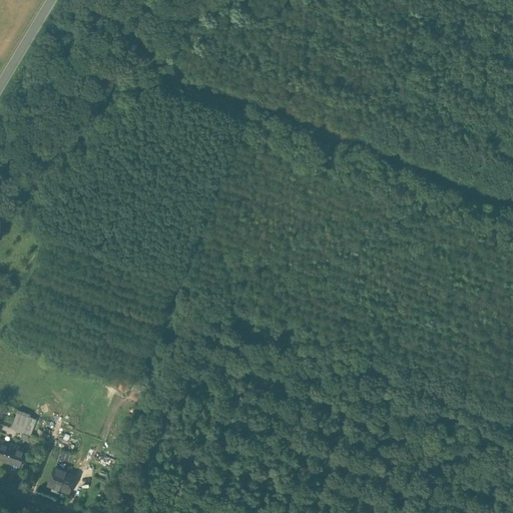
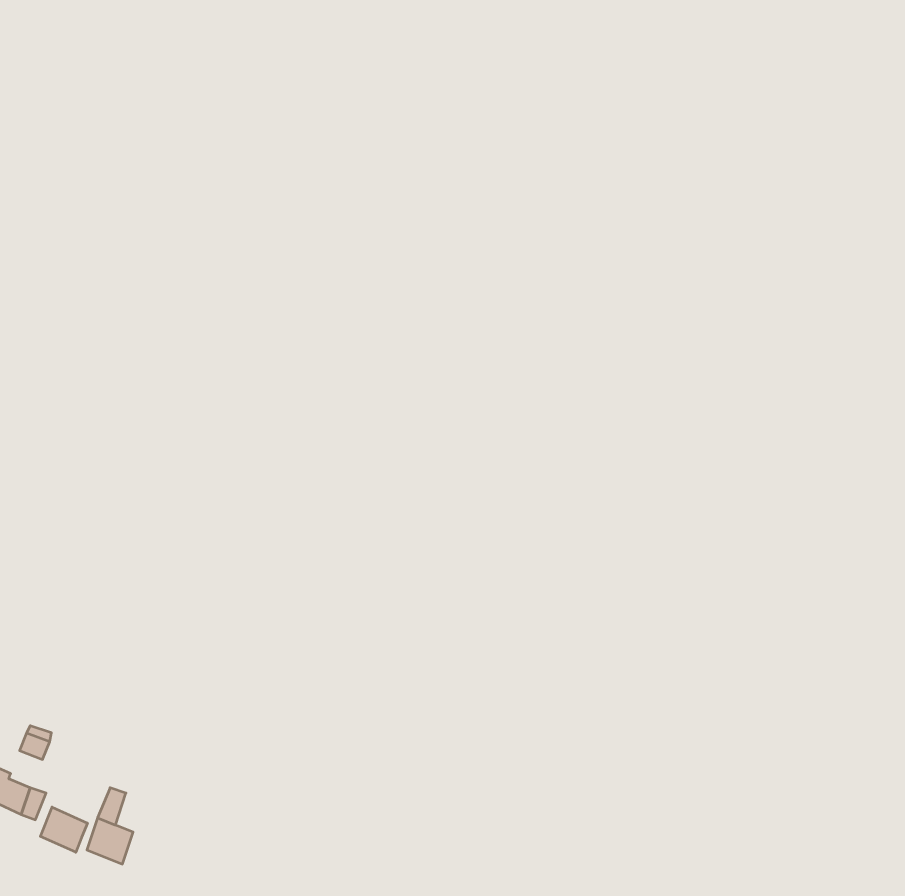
building: none -> [40,807,87,852]

